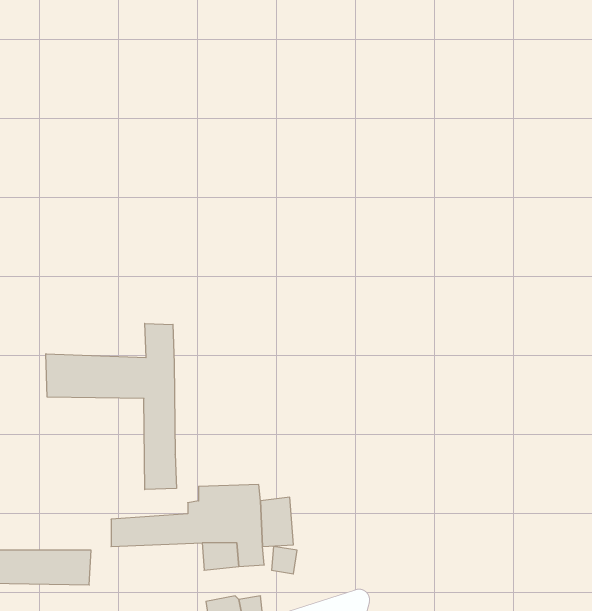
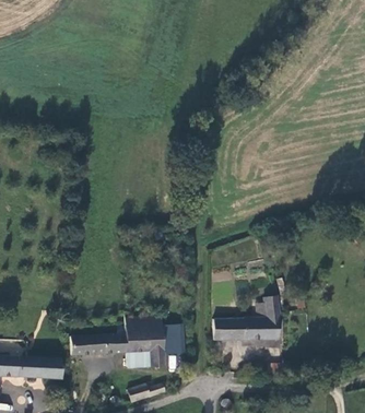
building: [46,323,176,490] -> none
building: none -> [216,297,281,341]

